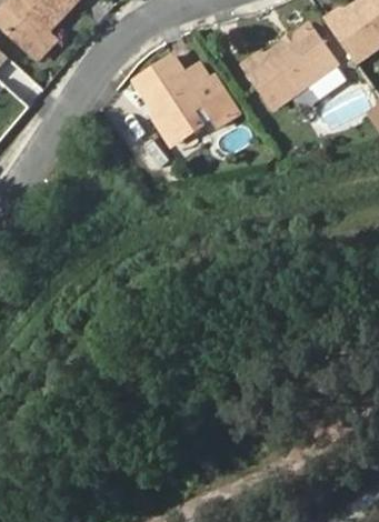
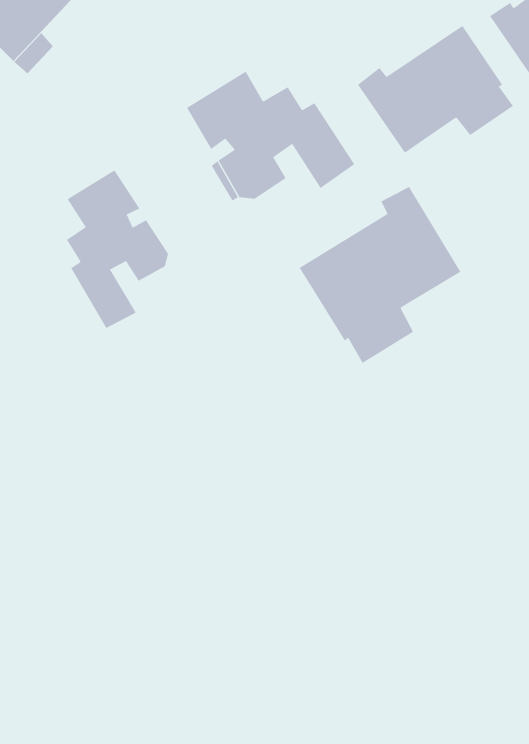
building: none -> [66,169,169,329]
building: none -> [299,186,461,364]

